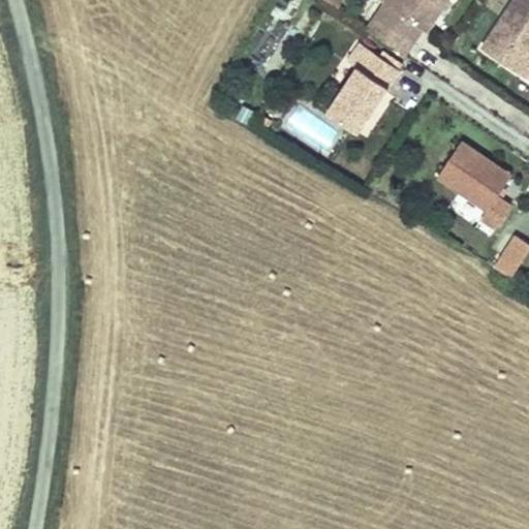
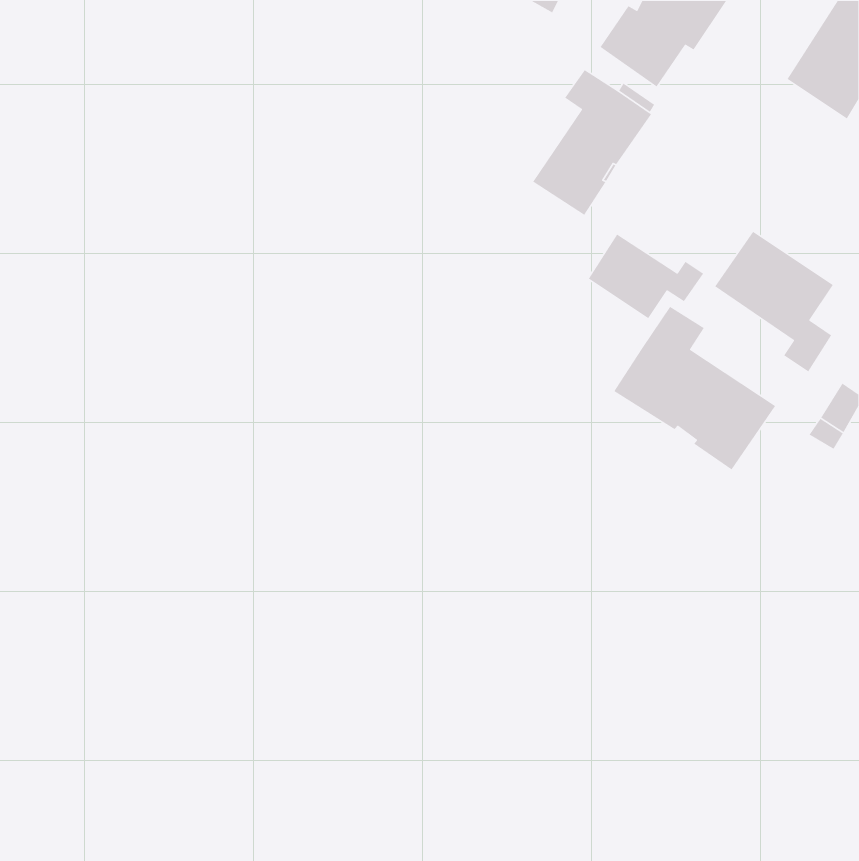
building: none -> [588,234,704,319]
building: none -> [614,306,776,470]

